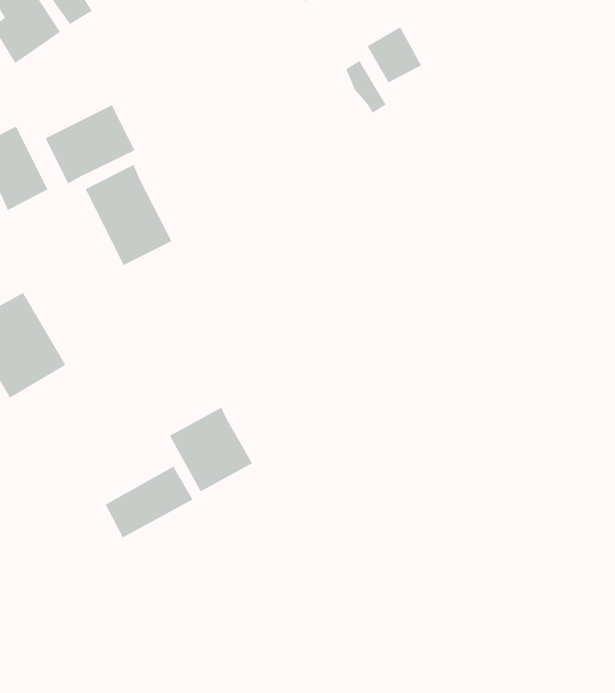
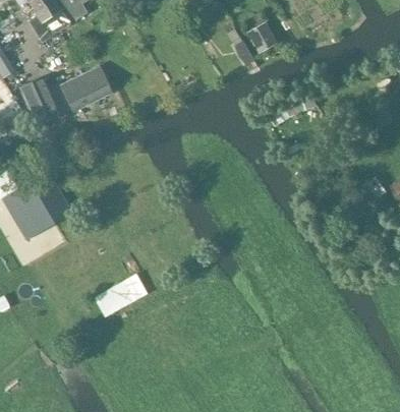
building: [85,164,172,266] -> none
building: [169,407,253,492] -> none

